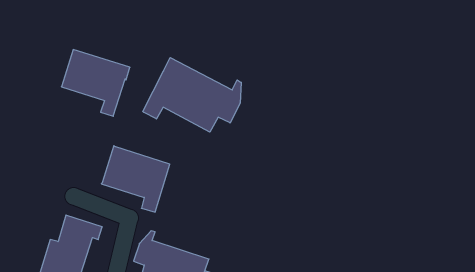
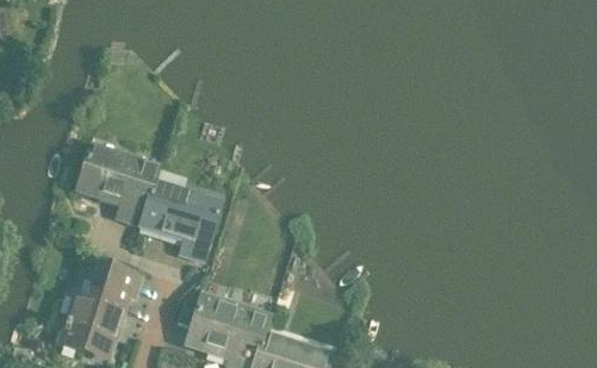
building: [61,50,130,116] -> [76,143,160,224]
building: [143,58,241,132] -> none

